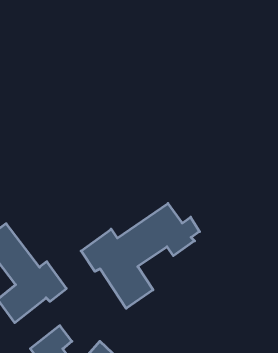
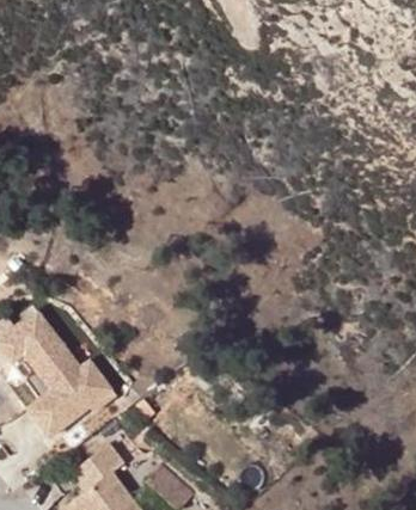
building: [81,203,200,308] -> none

